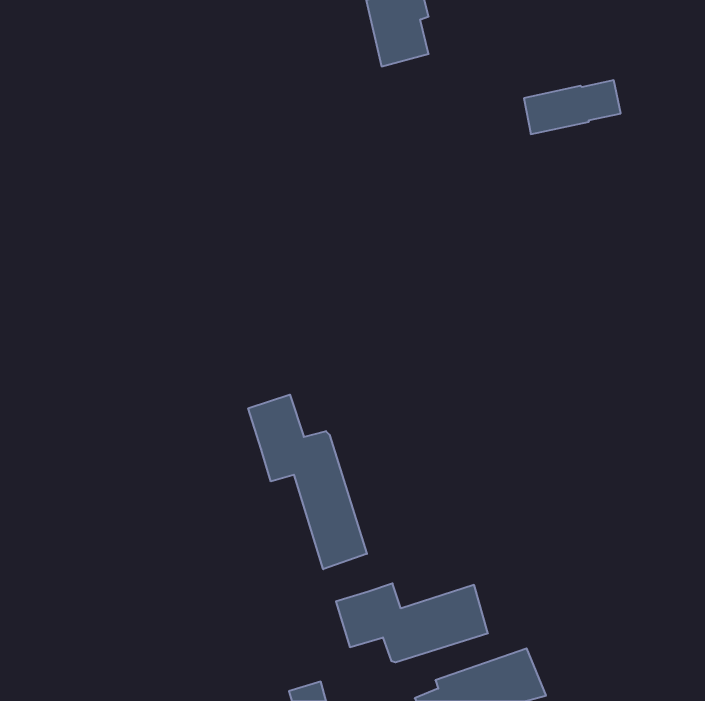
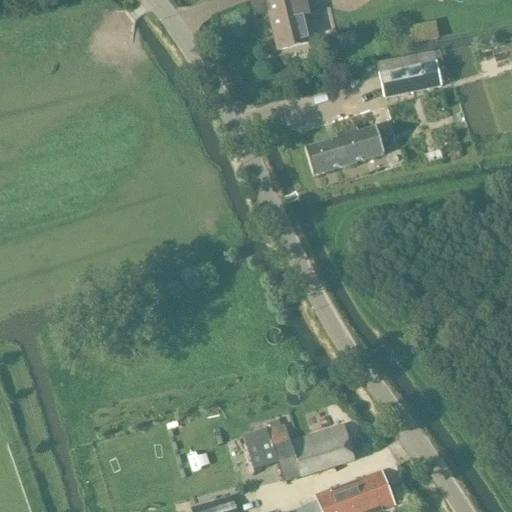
building: none -> [306,126,385,174]
building: [248,395,367,569] -> none

